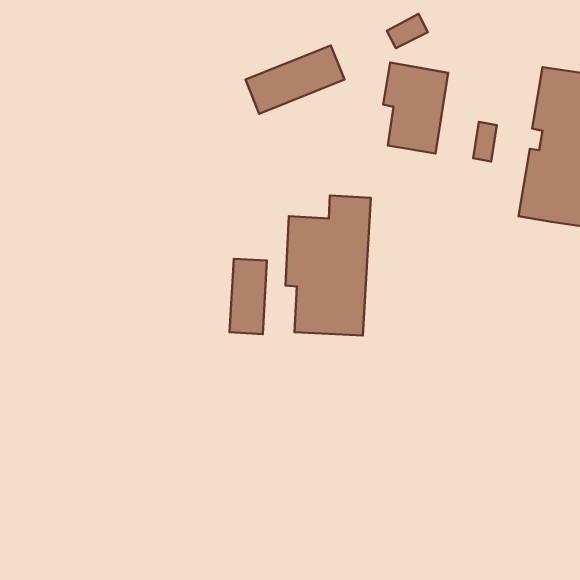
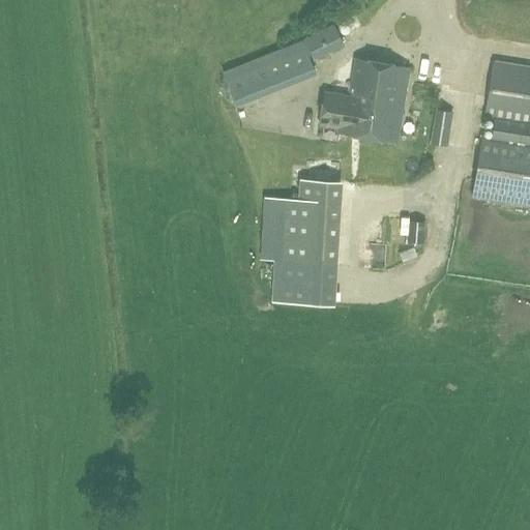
building: [387,14,428,48] -> [305,26,343,57]
building: none -> [320,92,359,134]
building: [230,259,267,334] -> none

